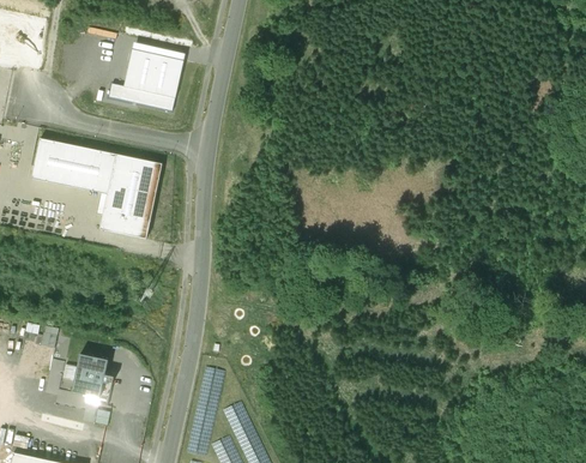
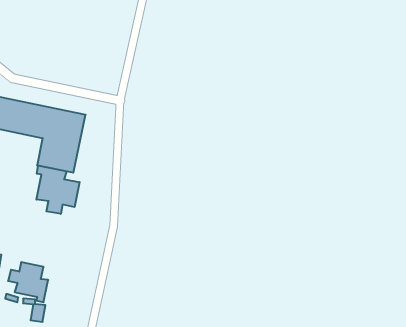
building: [108,48,183,110] -> none
building: none -> [36,165,80,214]

